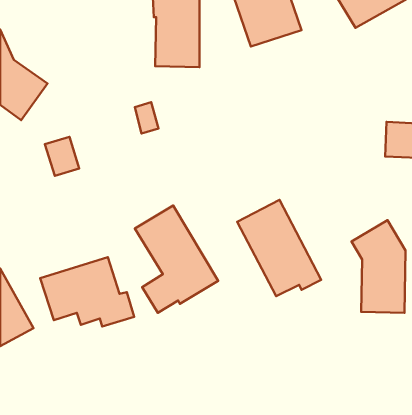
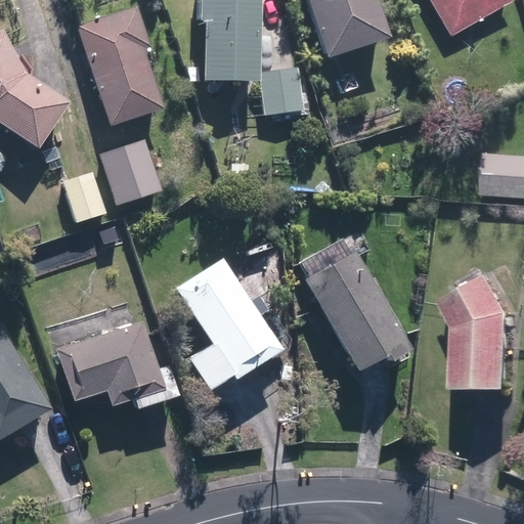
building: none -> [76,6,162,126]
building: none -> [262,66,306,115]
building: none -> [100,138,164,205]

